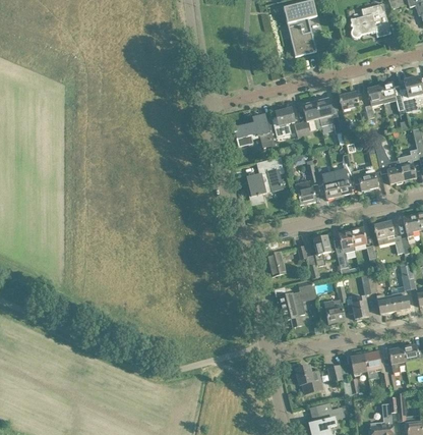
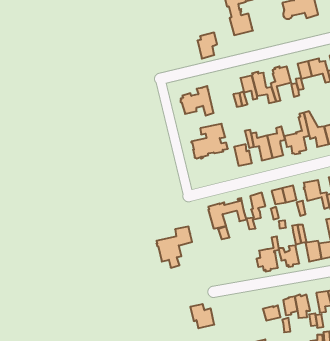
building: [271,108,294,138] -> [197,33,217,59]
building: [277,280,317,327] -> [156,227,192,268]
building: [295,366,322,393] -> [190,304,214,328]

